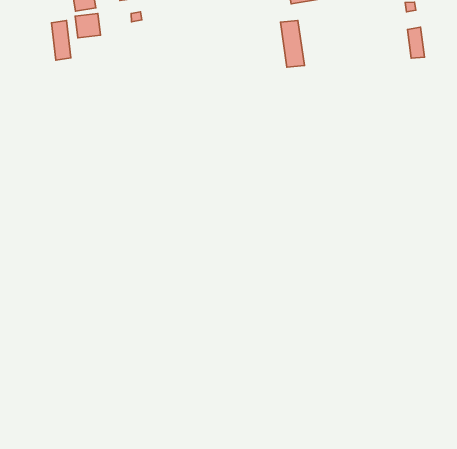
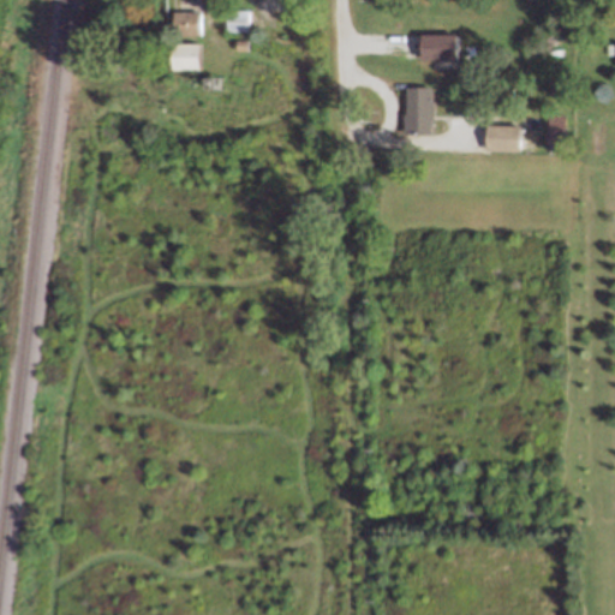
building: [51,20,71,60] -> none
building: none -> [488,127,523,154]

